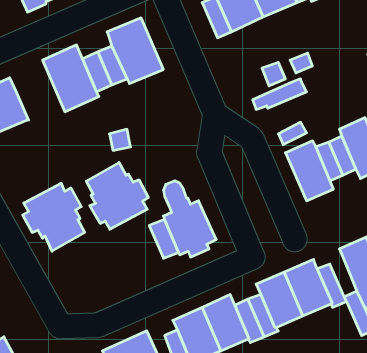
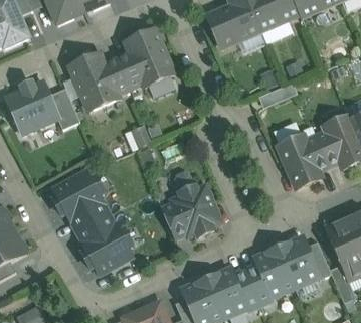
building: none -> [48,89,79,130]
building: [86,162,148,229] -> [78,215,132,273]

